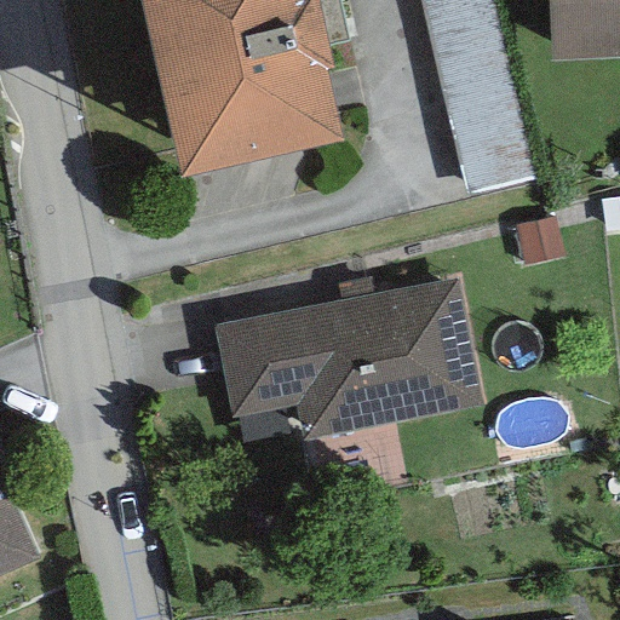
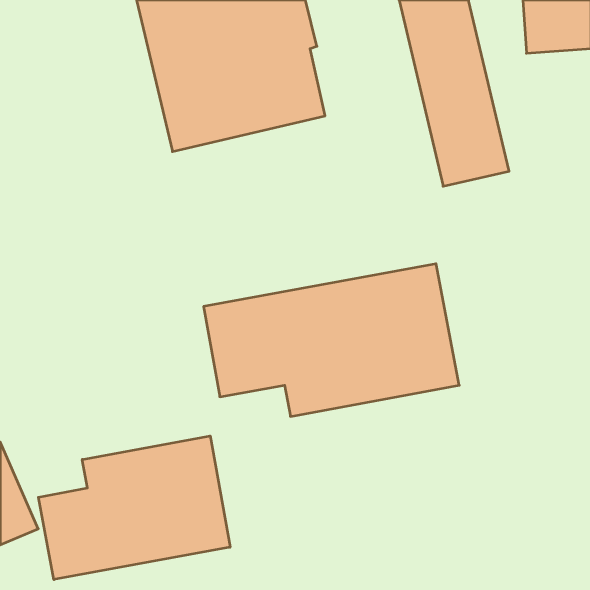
building: none -> [38,436,230,580]

